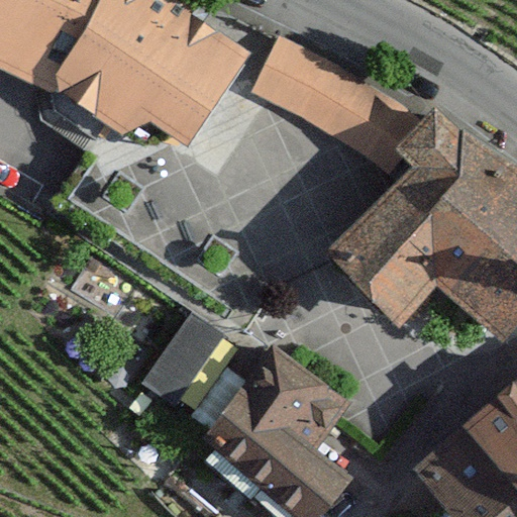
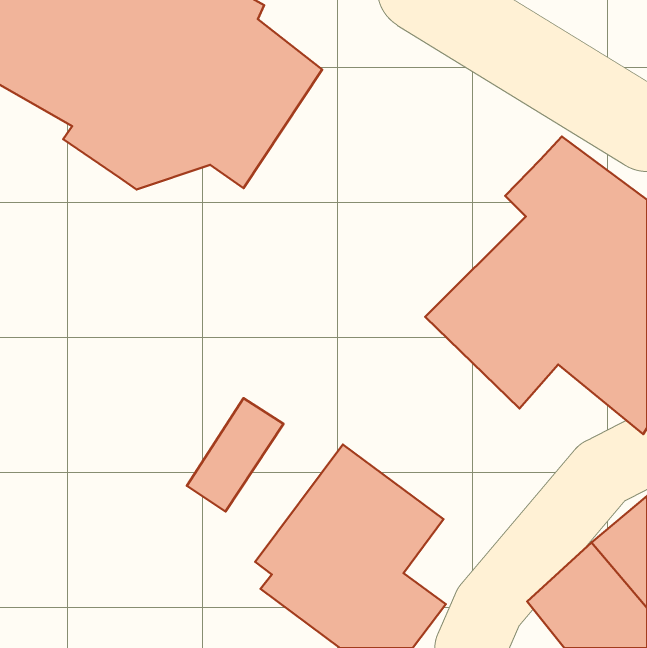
building: [252,36,423,164] -> none

